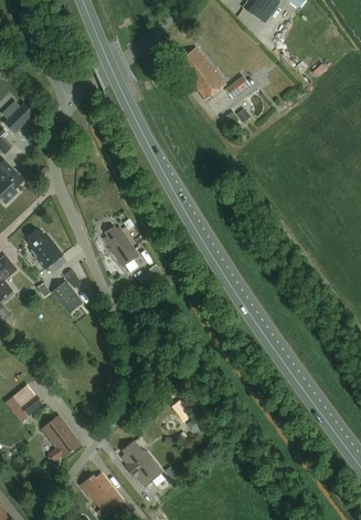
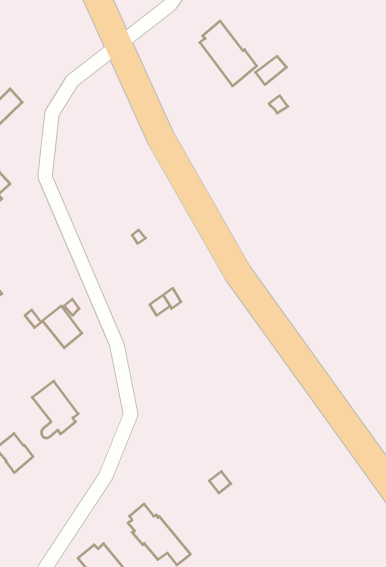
building: [102,225,138,266] -> none
building: [26,229,65,272] -> none
building: [40,414,77,460] -> [32,381,78,438]

